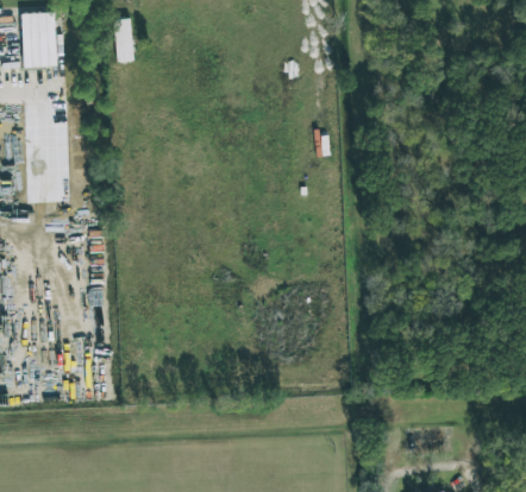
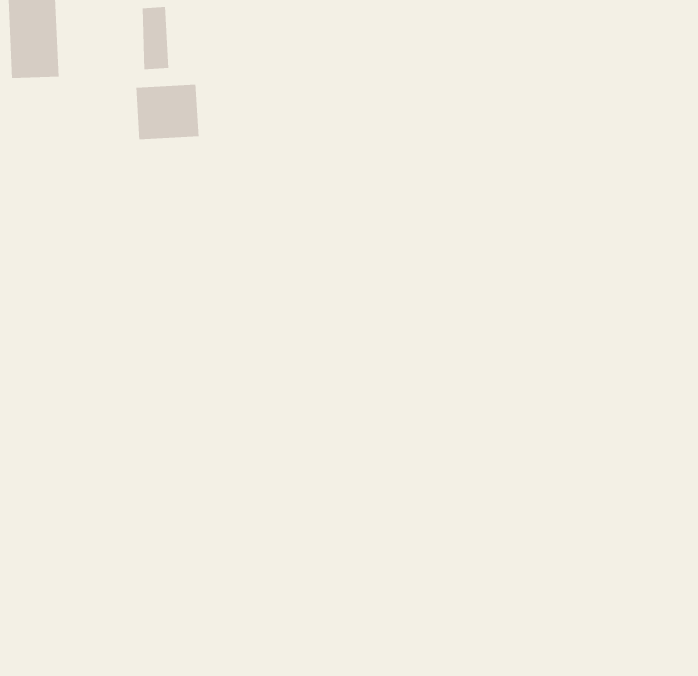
building: none -> [136,84,199,140]

